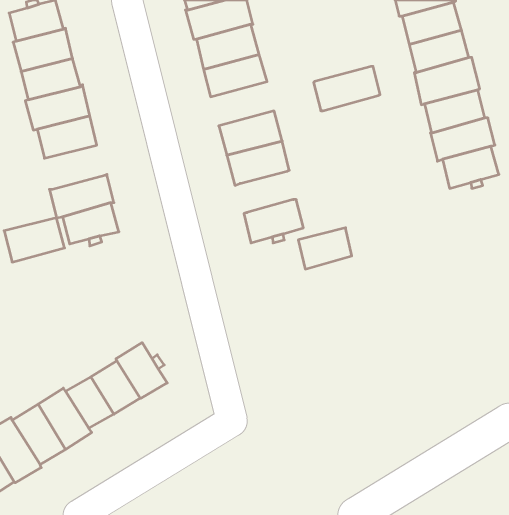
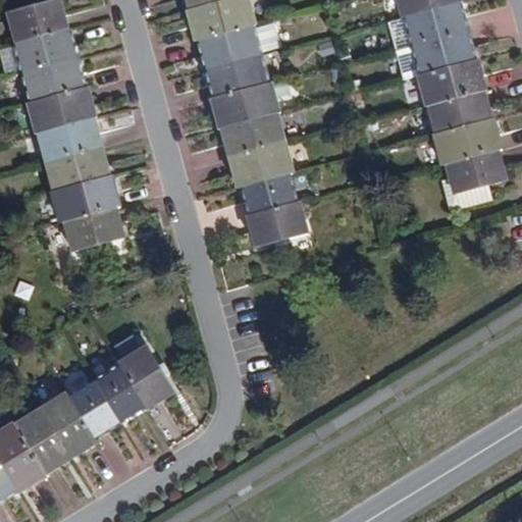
building: [314,66,380,111] -> [212,83,279,127]
building: [4,218,65,262] -> [45,147,106,192]
building: [298,228,352,269] -> [243,173,297,215]

